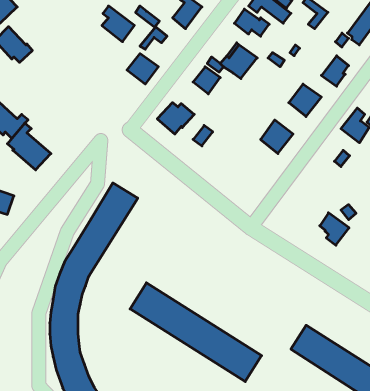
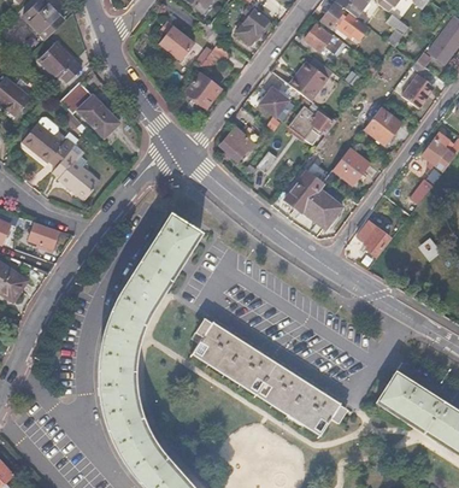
building: none -> [59,82,119,136]
building: none -> [287,100,333,145]
building: none -> [284,159,343,227]
building: [320,213,349,245] -> [358,221,390,257]

